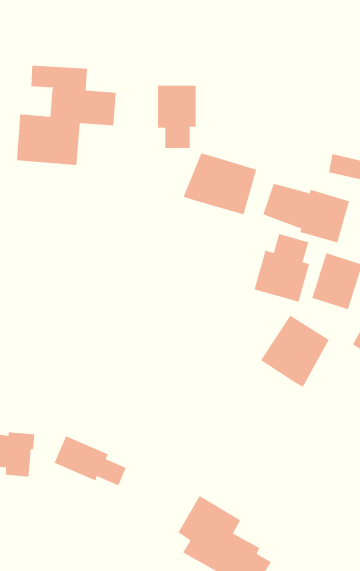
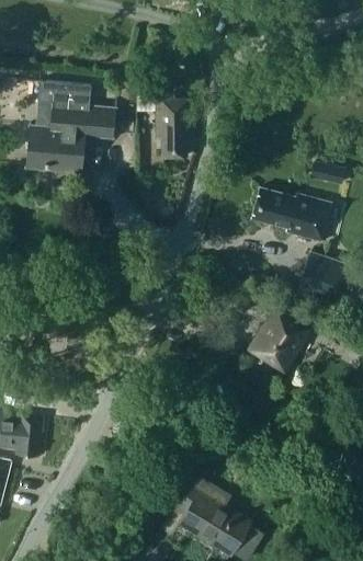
building: [183,153,257,215] -> none
building: [254,233,310,303] -> none
building: [54,435,127,486] -> none

